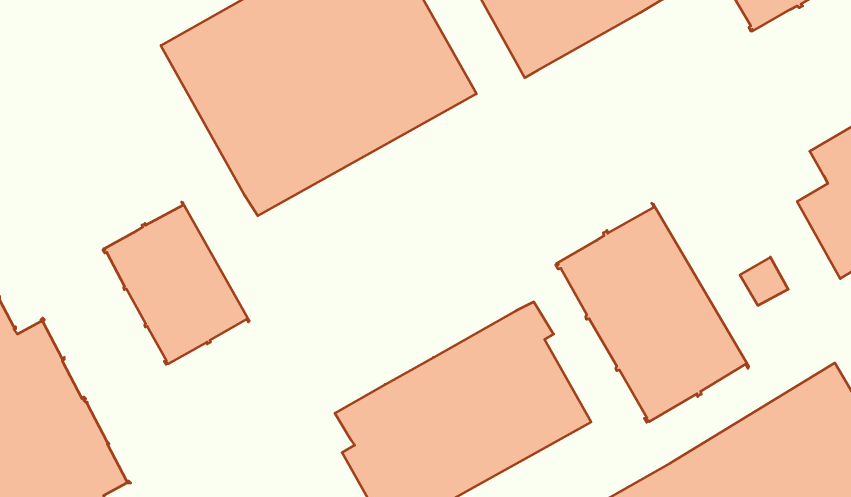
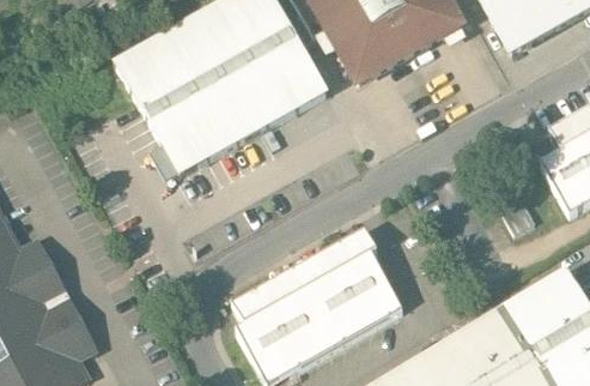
building: [103,202,249,364] -> none
building: [556,203,749,422] -> none

